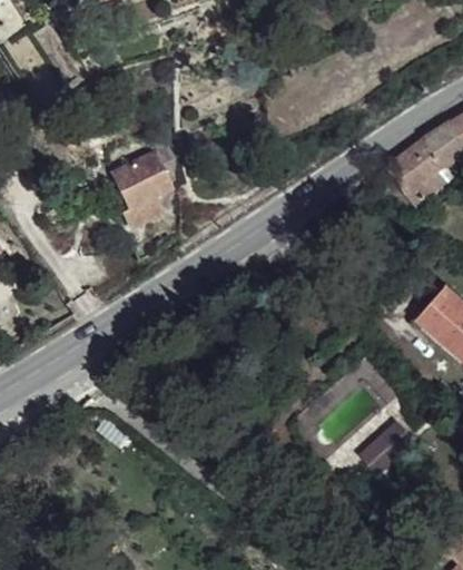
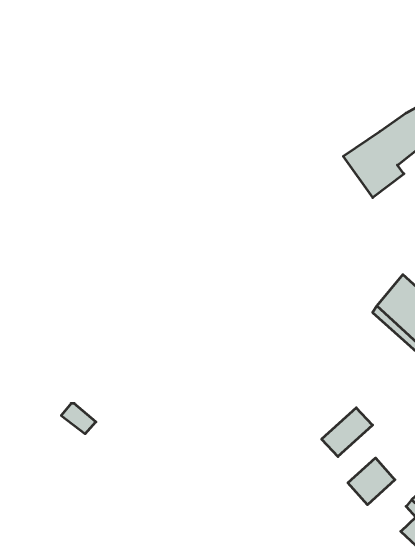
building: [112,134,176,227] -> none
building: none -> [348,458,395,505]

